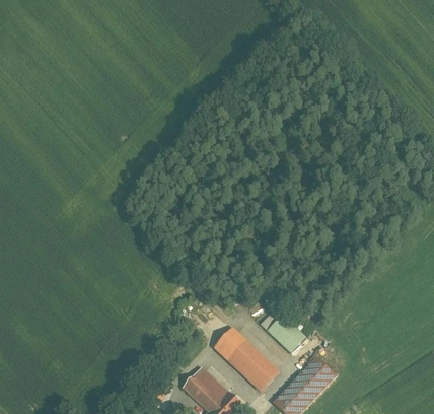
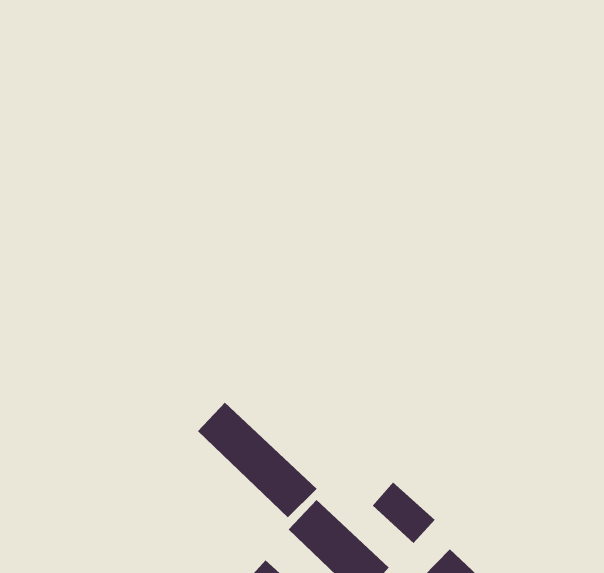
building: none -> [197,402,318,518]

